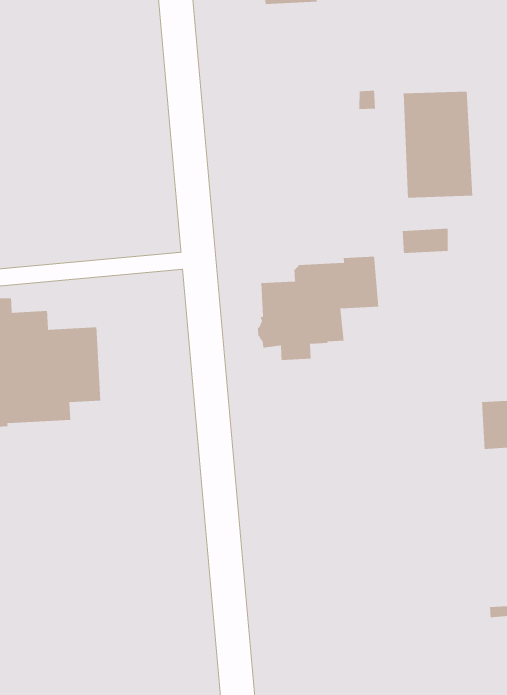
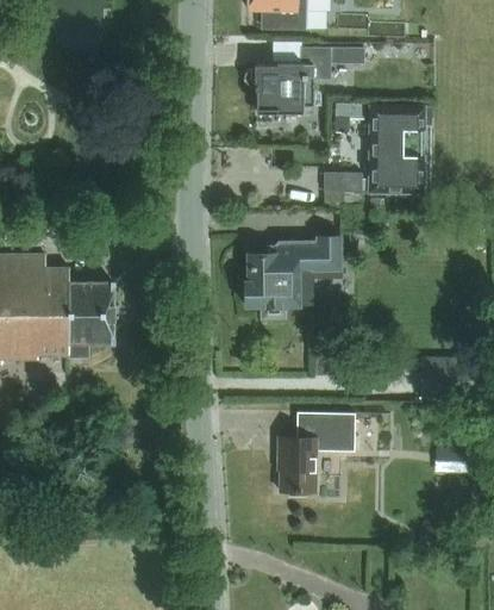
building: none -> [244,46,365,112]
building: [402,228,449,254] -> [324,172,362,191]
building: none -> [279,411,355,491]

